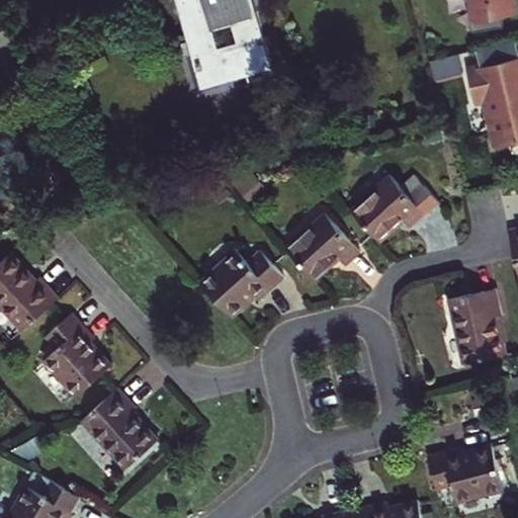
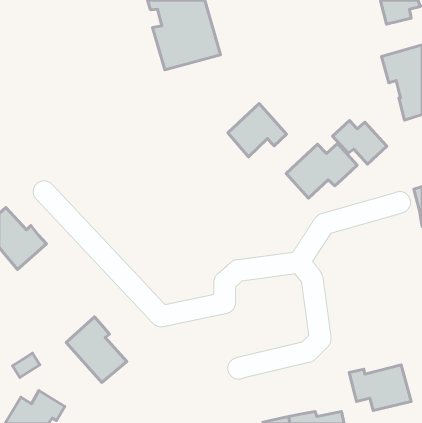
building: none -> [333,121,387,164]
building: [285,215,357,280] -> [228,104,287,157]
building: [199,251,282,319] -> none
building: [449,290,502,364] -> none
building: [42,314,109,397] -> none

